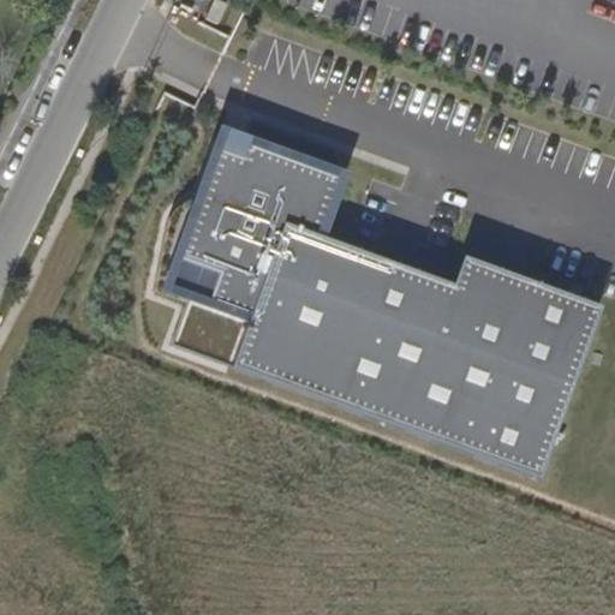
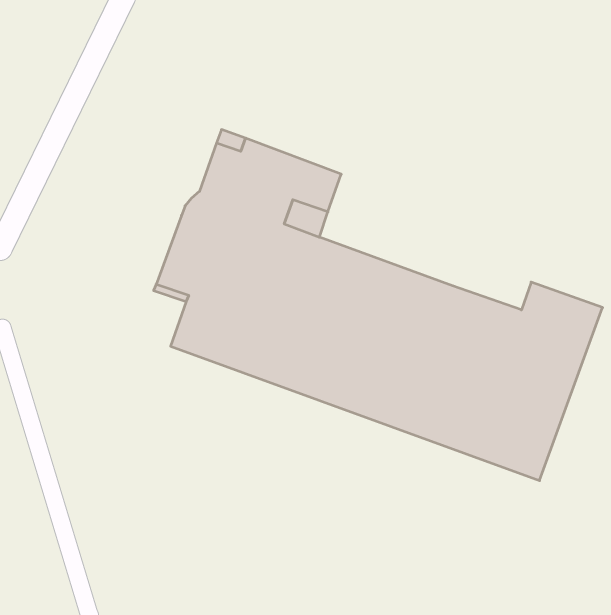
building: [456,255,535,308] -> none

